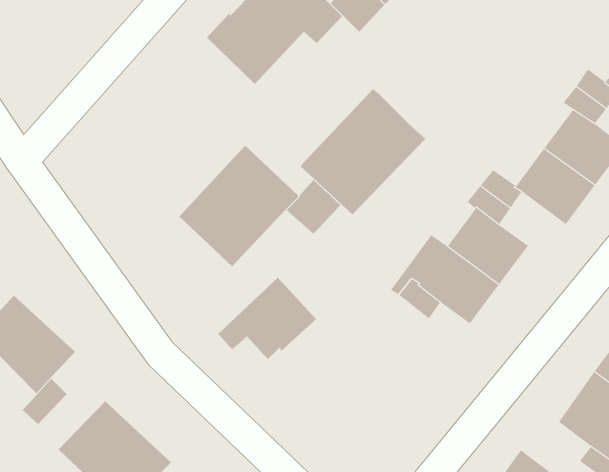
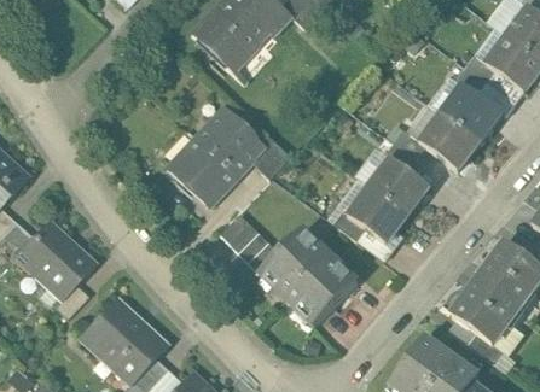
building: [300,88,426,215] -> none
building: none -> [259,227,358,326]

